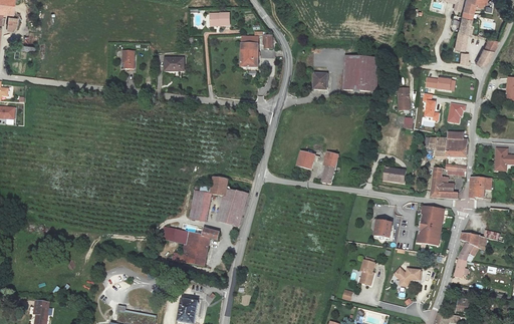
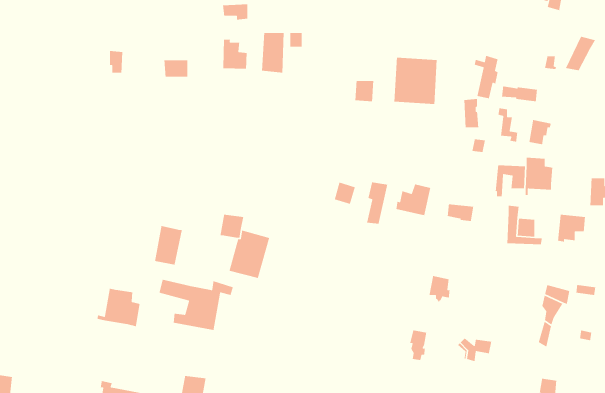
building: [453,16,472,50] -> [474,55,499,99]
building: none -> [222,39,247,70]
building: none -> [396,183,431,216]
building: [190,190,212,221] -> [154,225,183,266]
building: [414,211,441,249] -> none
building: none -> [96,288,140,327]

